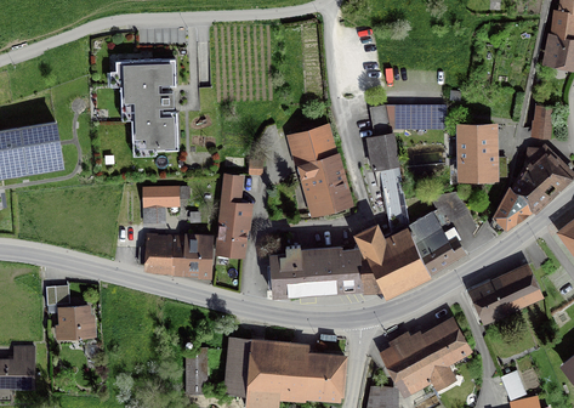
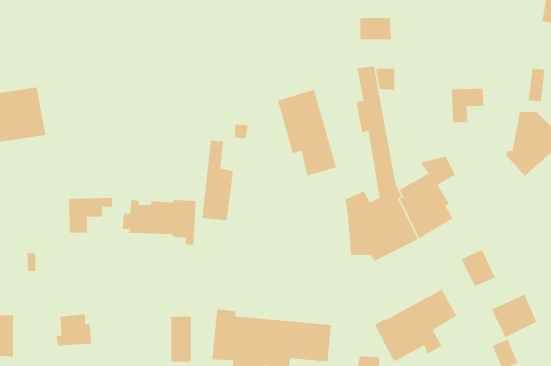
building: [114,60,177,152] -> none
building: [413,106,444,127] -> [360,17,392,40]
building: [460,143,493,177] -> none
building: [143,187,187,222] -> [68,197,113,233]
building: [488,188,532,233] -> none
building: [268,245,362,295] -> none
building: [490,267,535,311] -> [491,293,537,338]
building: [57,306,92,338] -> [56,314,92,346]

